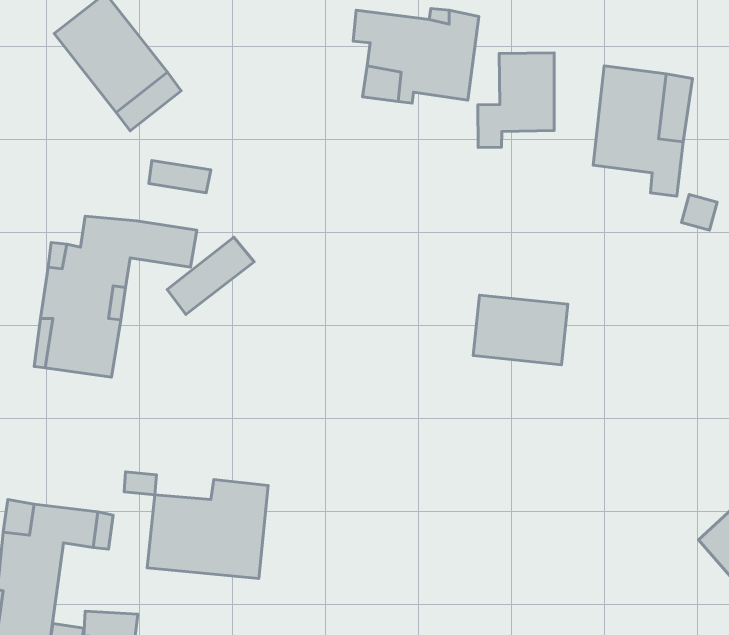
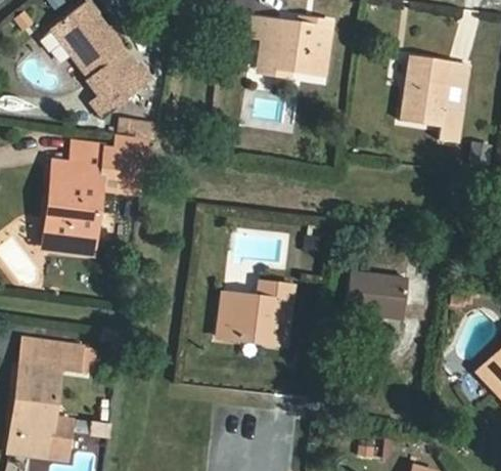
building: [478,53,554,147] -> none
building: [167,237,254,314] -> [93,71,150,122]
building: [473,295,568,365] -> [343,272,405,318]
building: [147,479,268,579] -> [215,281,294,346]

